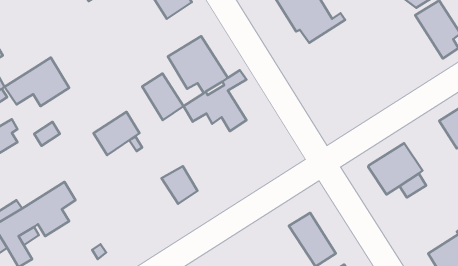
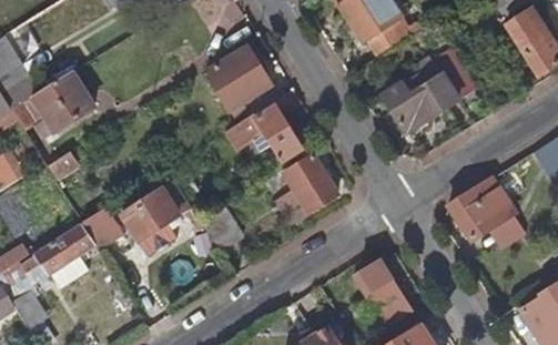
building: none -> [382,45,477,131]
building: [142,74,184,120] -> none
building: [93,112,140,155] -> [124,191,180,243]
building: none -> [277,155,337,223]
building: none -> [83,207,124,251]

